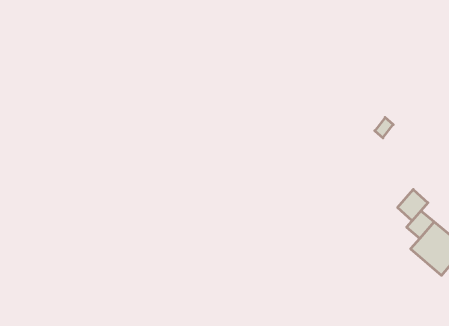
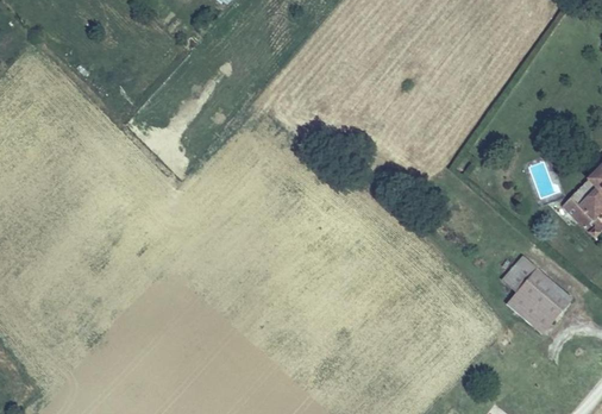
building: [398,189,428,221] -> none

